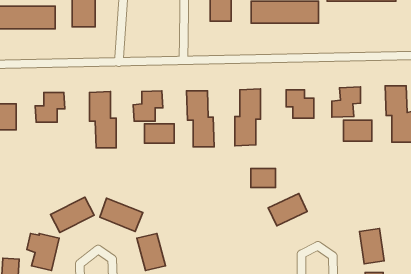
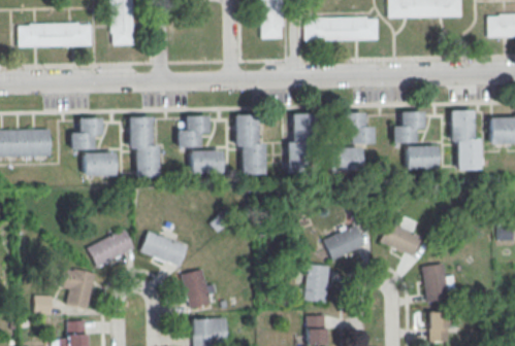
building: none -> [84,152,116,176]
building: [251,168,275,187] -> [335,148,362,169]
building: none -> [381,222,423,257]
building: none -> [305,265,330,302]

